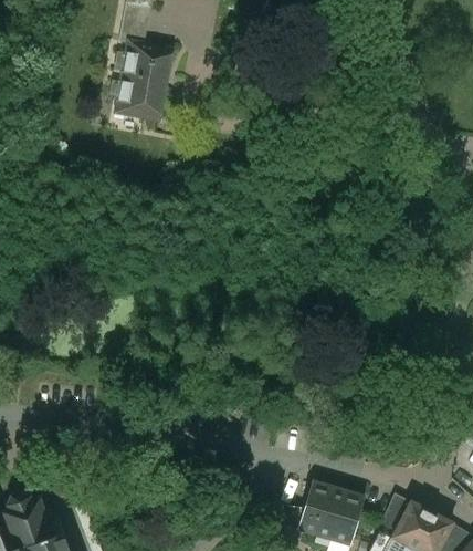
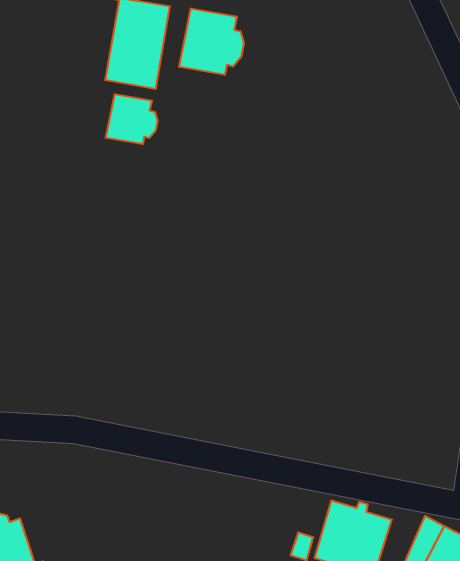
building: none -> [179,8,244,75]
building: none -> [106,94,158,144]

